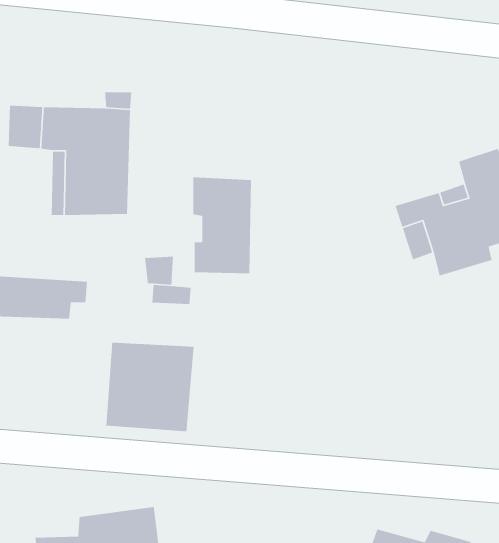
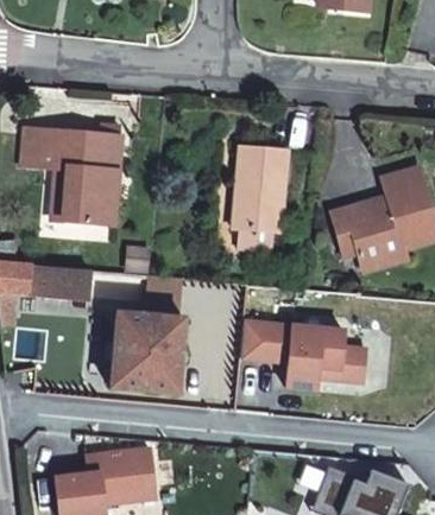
building: [192,176,252,274] -> [238,152,285,230]
building: none -> [233,318,359,383]

